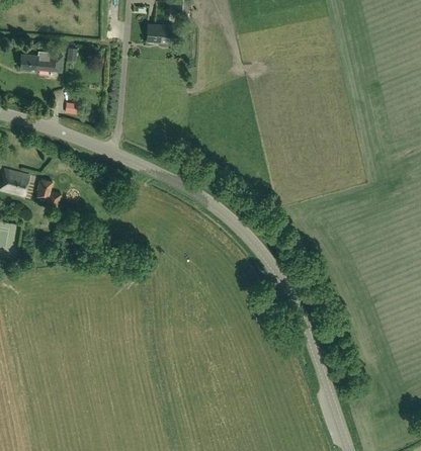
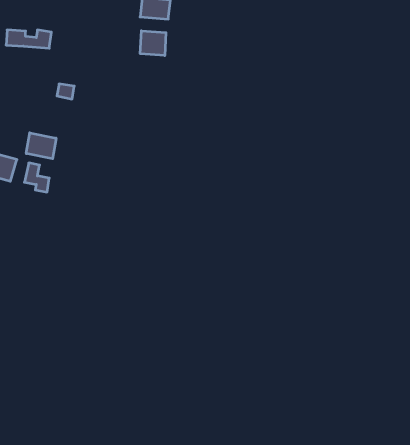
building: none -> [140,31,166,56]
building: none -> [26,133,56,159]

